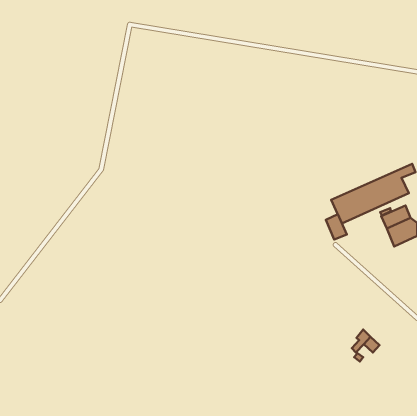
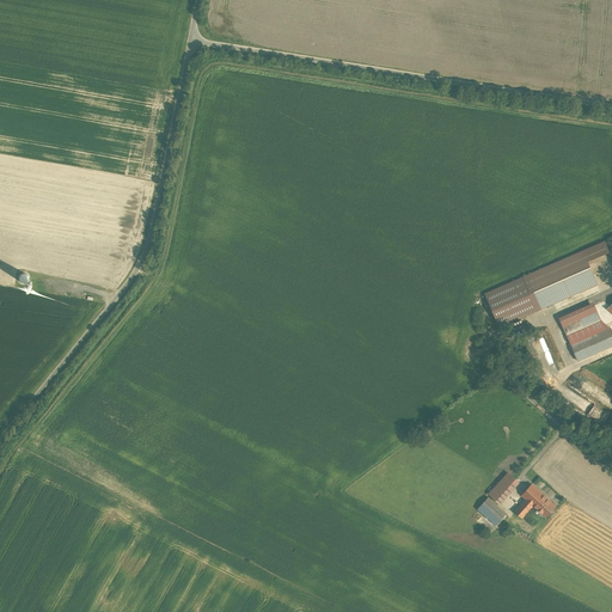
building: [326,214,347,240] -> none
building: none -> [476,472,519,526]

